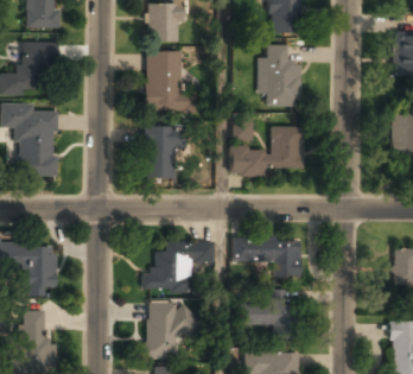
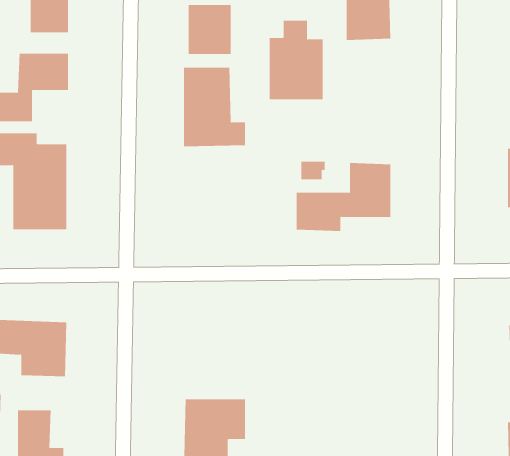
building: [260,44,301,104] -> [269,20,323,100]
building: [146,126,177,178] -> none
building: [235,239,301,277] -> none
building: [144,242,215,292] -> none
building: [241,292,290,327] -> none

